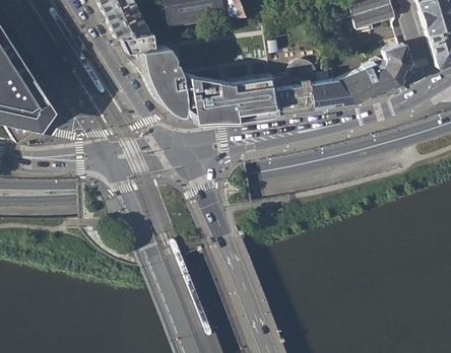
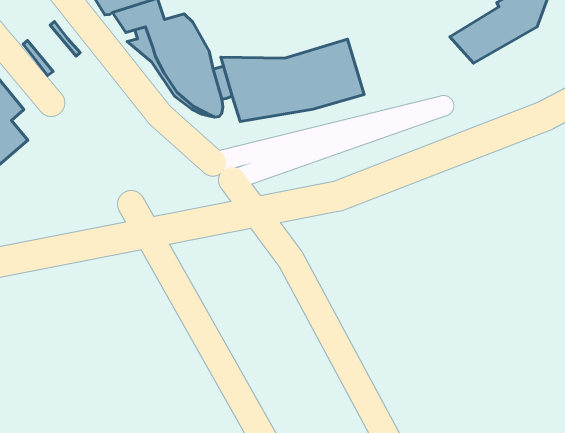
building: [272,60,352,113] -> none

